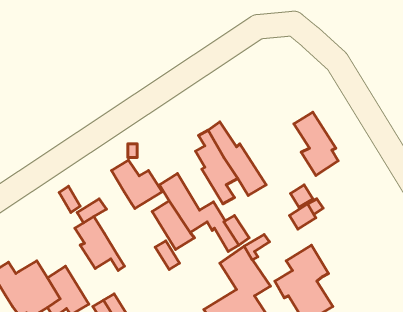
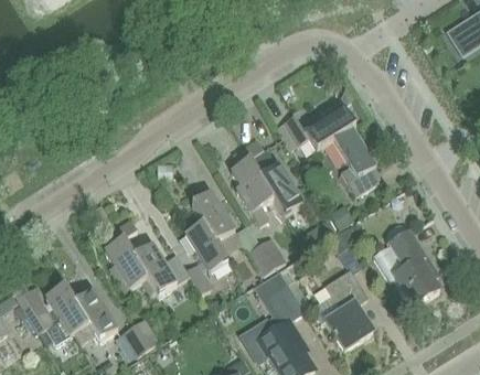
building: none -> [282,99,355,152]
building: [112,160,162,209] -> [135,246,188,297]
building: none -> [375,226,440,308]

